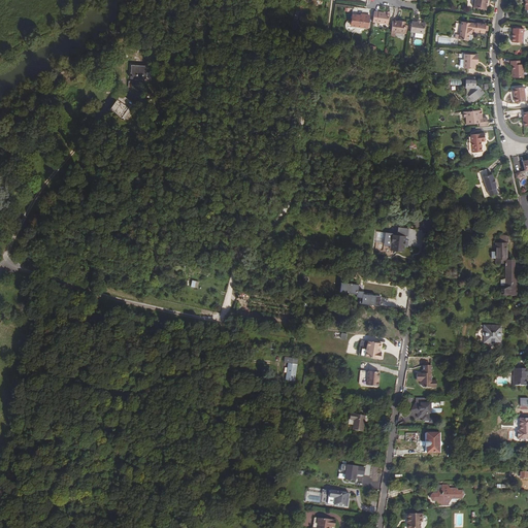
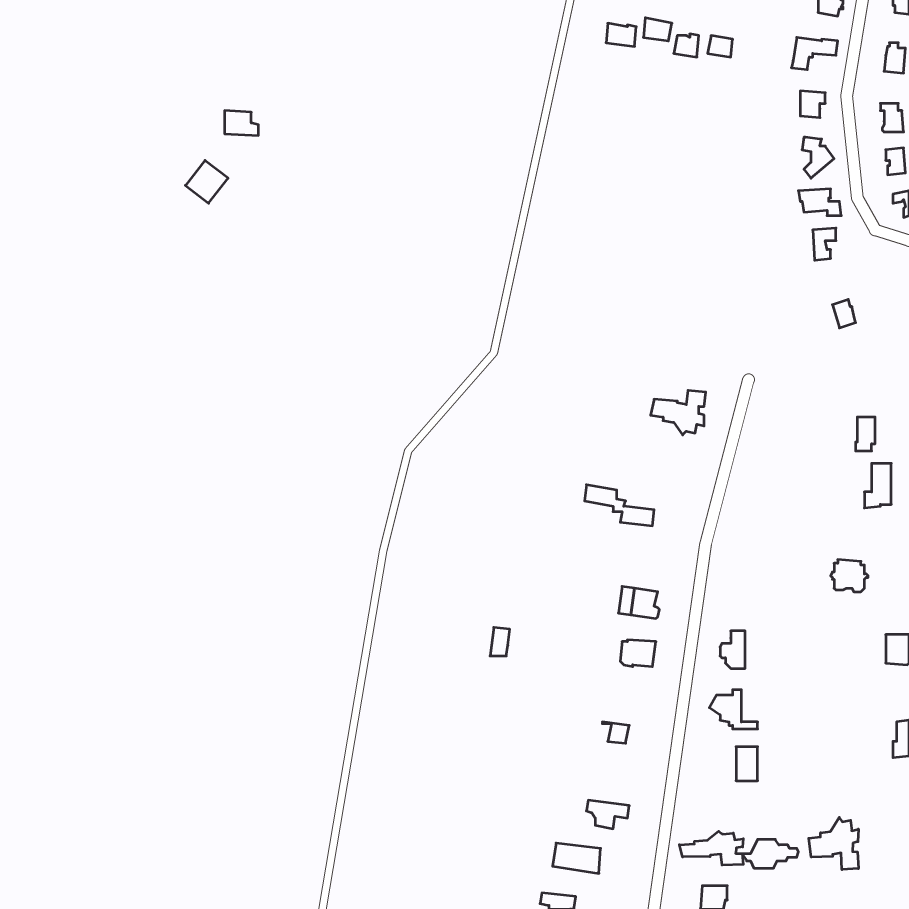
building: none -> [809,817,858,870]
building: none -> [679,831,743,865]

